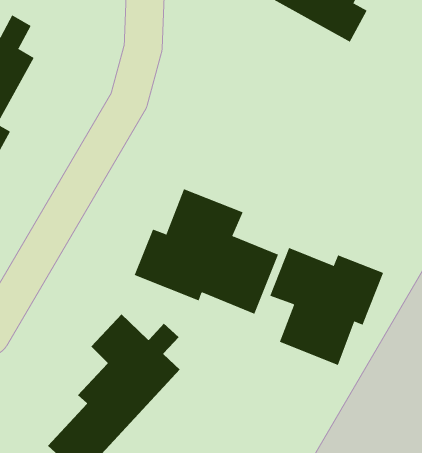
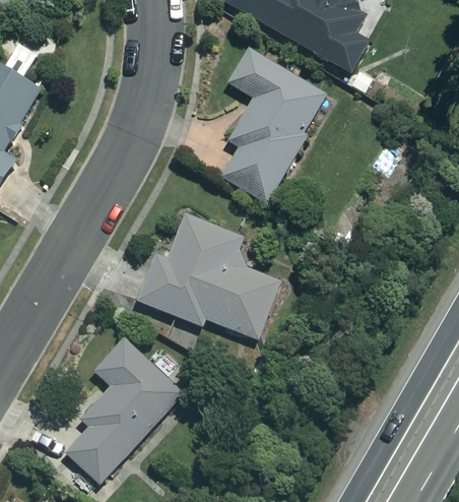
building: none -> [221,49,327,202]
building: [269,247,384,366] -> none

